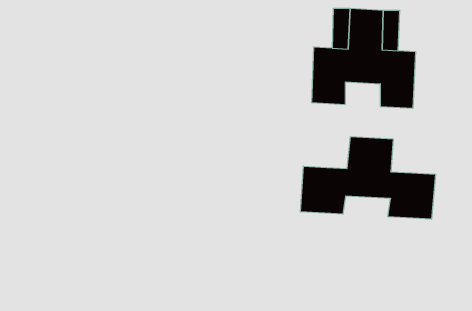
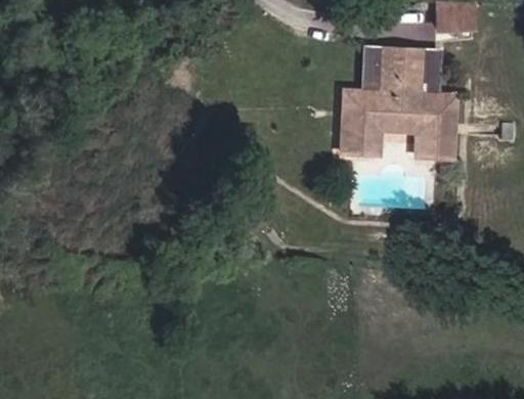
building: [300,137,436,219] -> none

